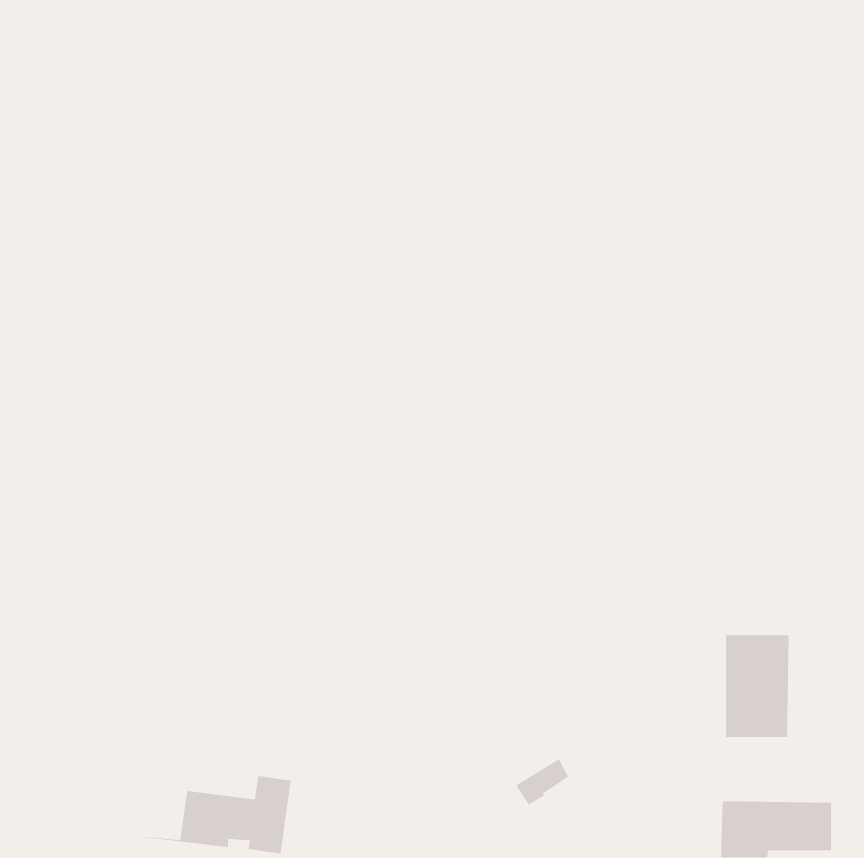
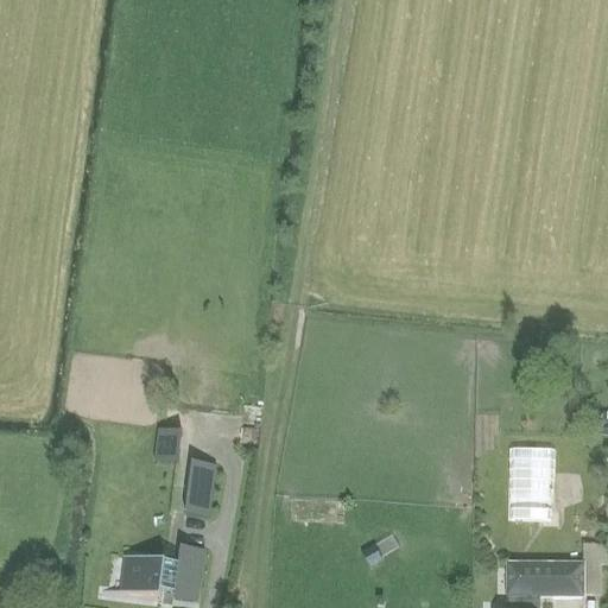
building: none -> [153,426,182,460]
building: none -> [184,460,216,515]

